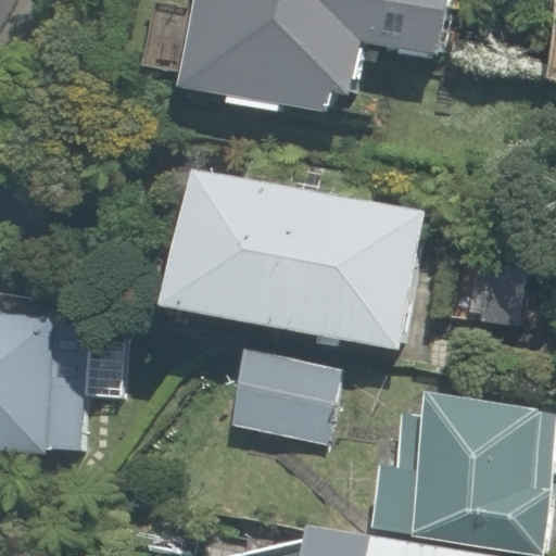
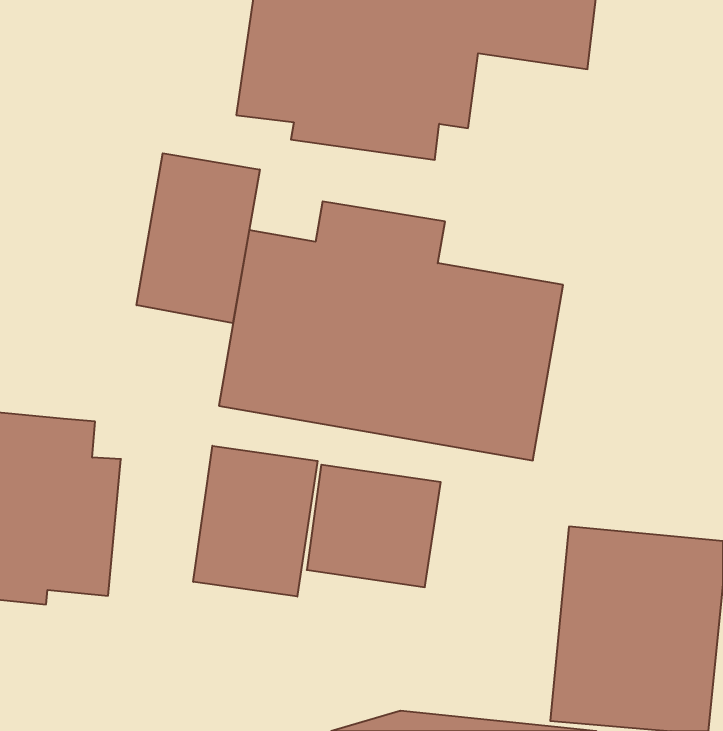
building: none -> [137,153,260,323]
building: none -> [193,446,318,597]

